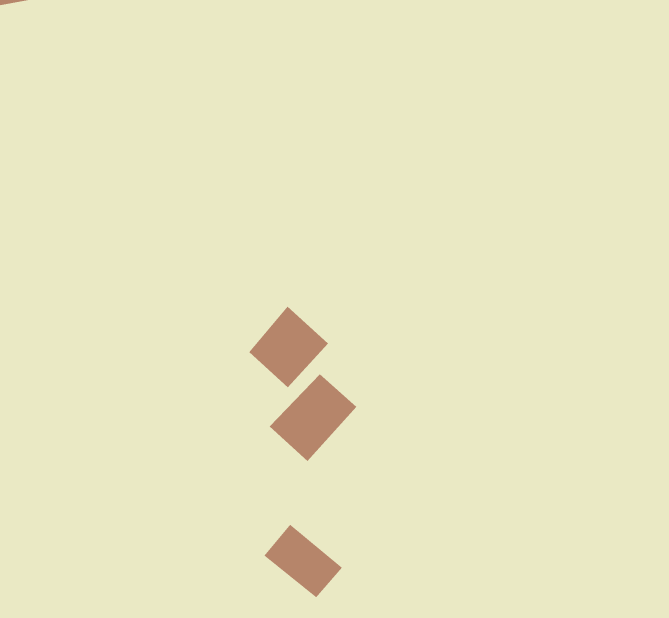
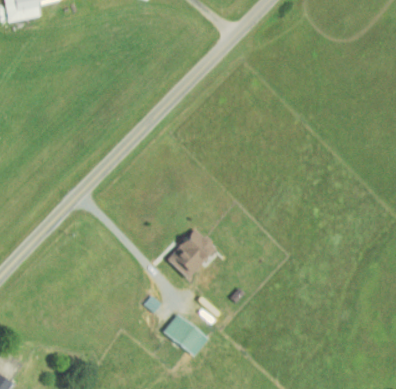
building: [248,306,329,388] -> none

